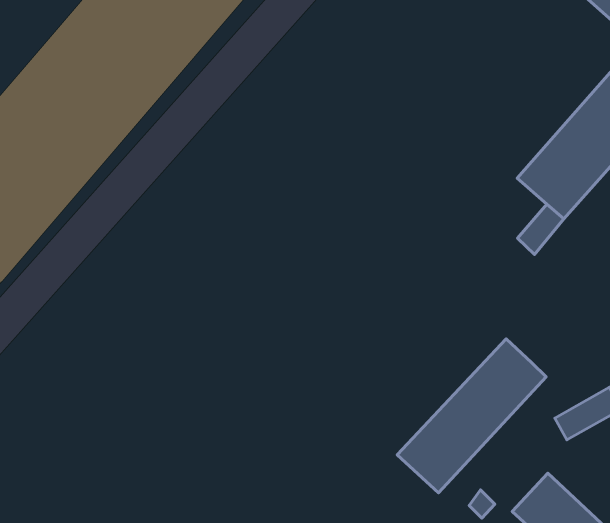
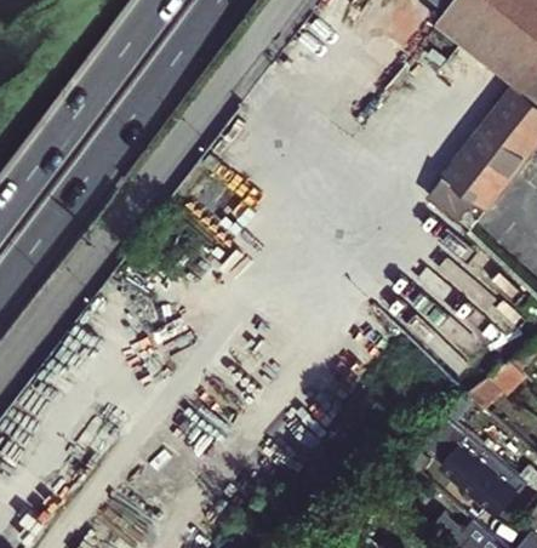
building: [397,339,546,493] -> none

